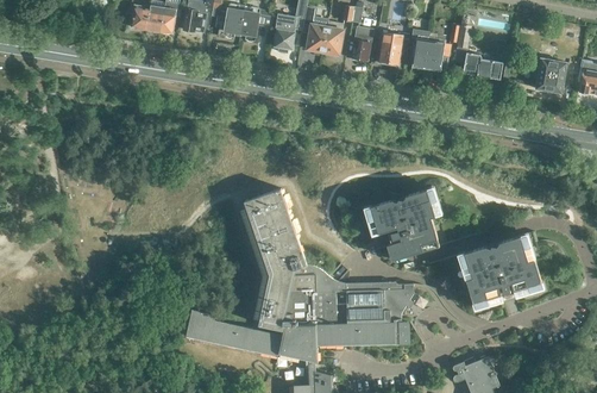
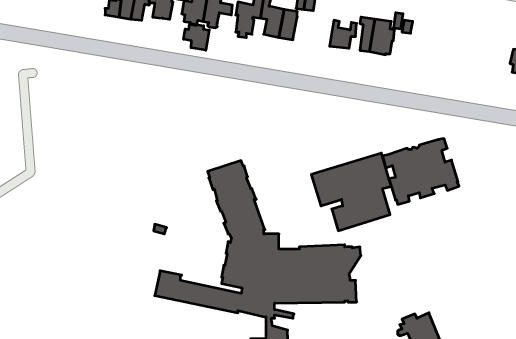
building: [350,26,371,62] -> none
building: none -> [184,24,209,50]
building: [461,52,501,80] -> none
building: [533,58,565,93] -> none
building: [457,235,541,307] -> [382,139,459,204]

